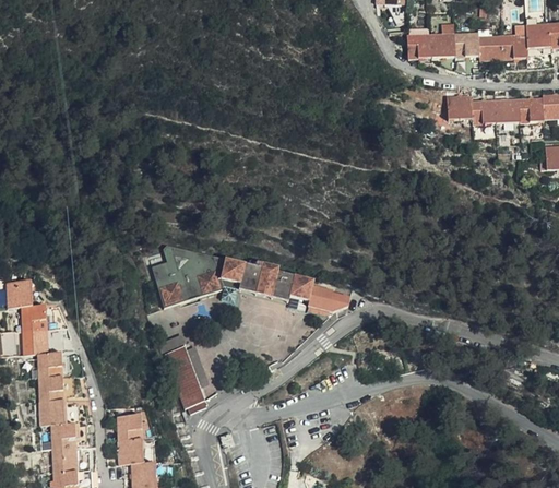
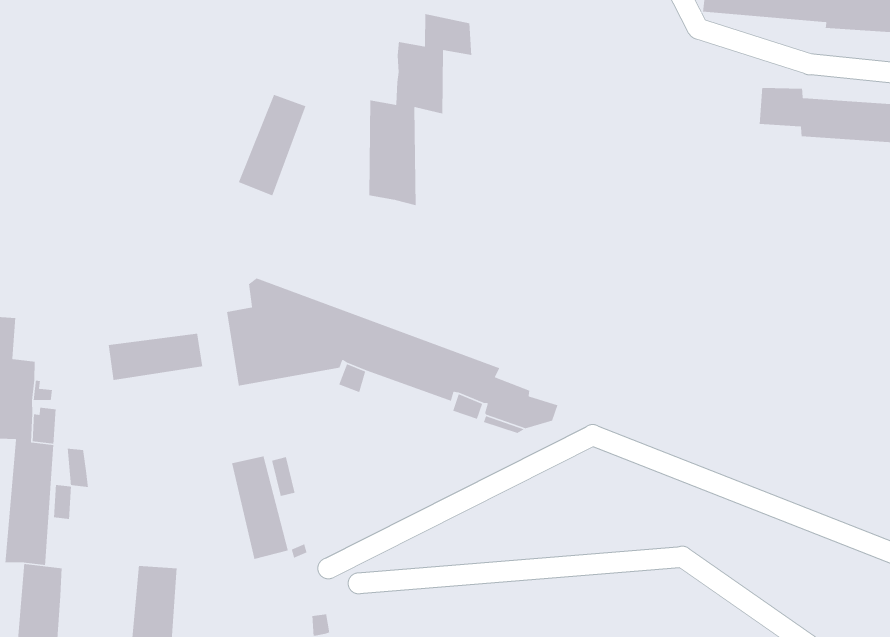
building: none -> [369,13,472,206]
building: none -> [238,94,306,196]
building: none -> [108,333,203,381]

